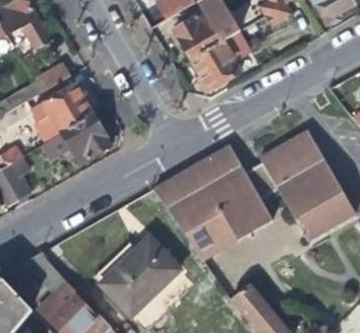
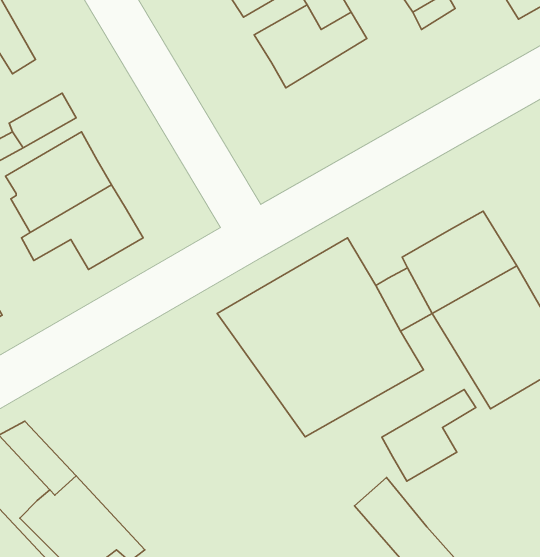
building: [192,30,251,89] -> none
building: none -> [382,389,476,481]
building: [104,235,186,313] -> none

